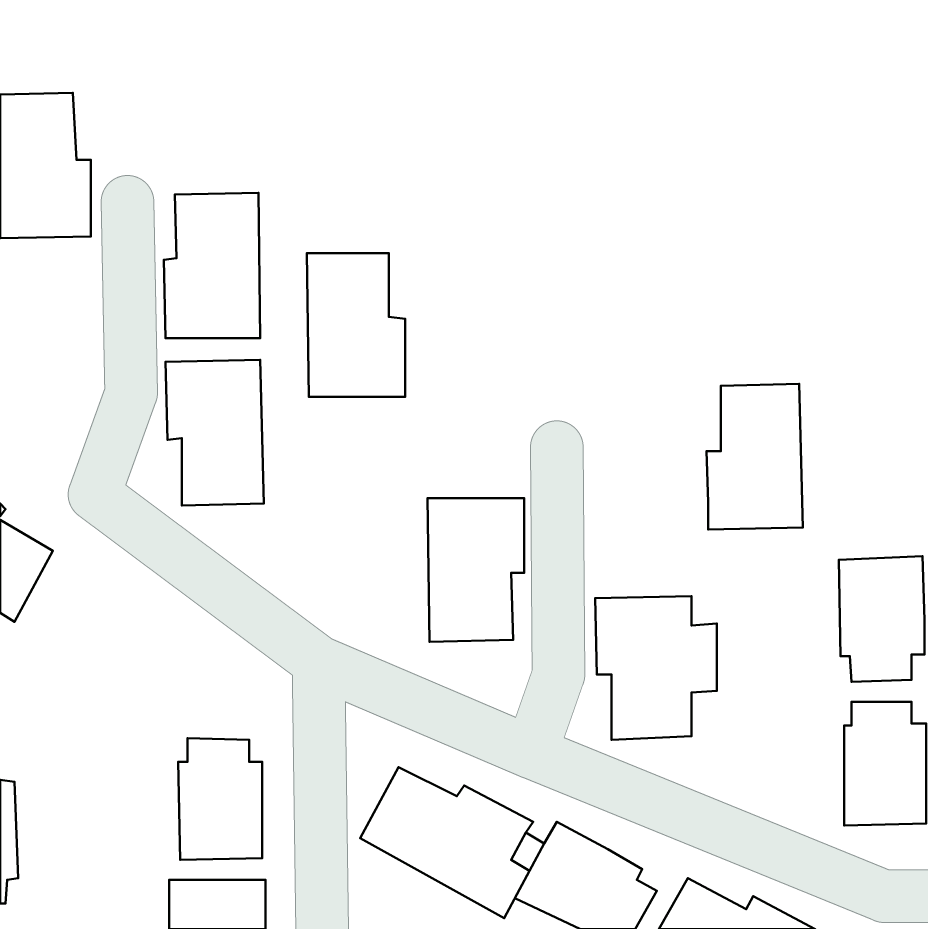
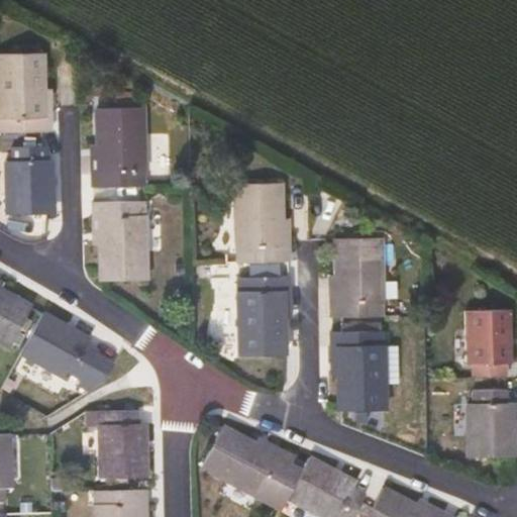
building: [307,253,405,397] -> [236,183,291,263]
building: none -> [7,146,54,215]
building: [706,384,803,529] -> [330,237,384,318]
building: none -> [20,313,113,392]

